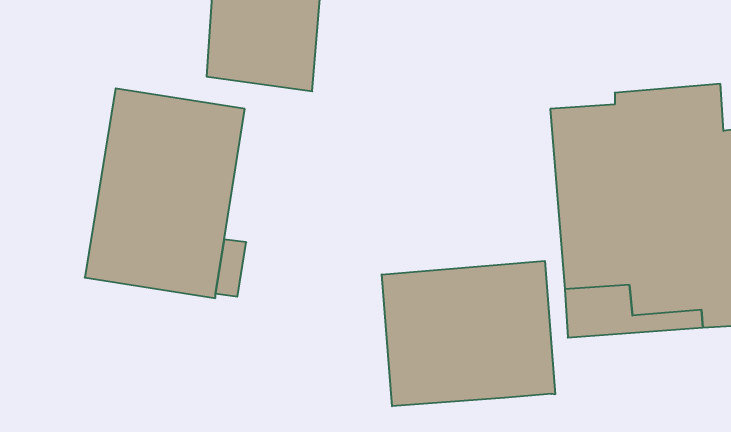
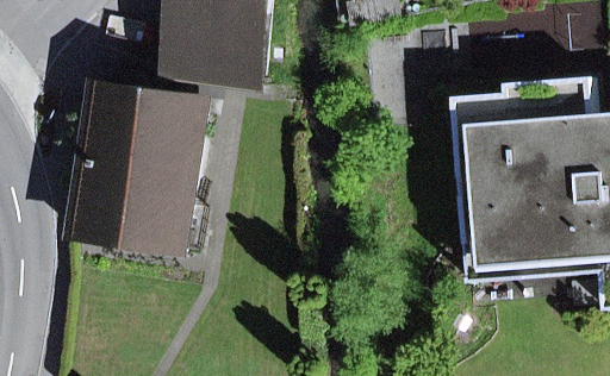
building: [382,261,555,406] -> none

